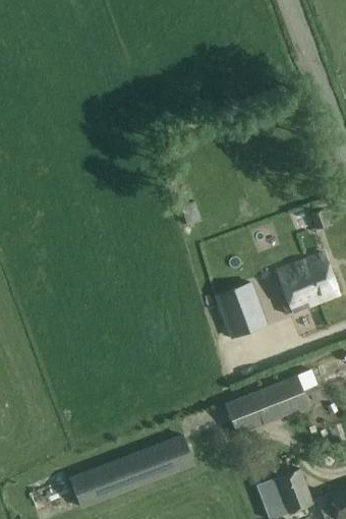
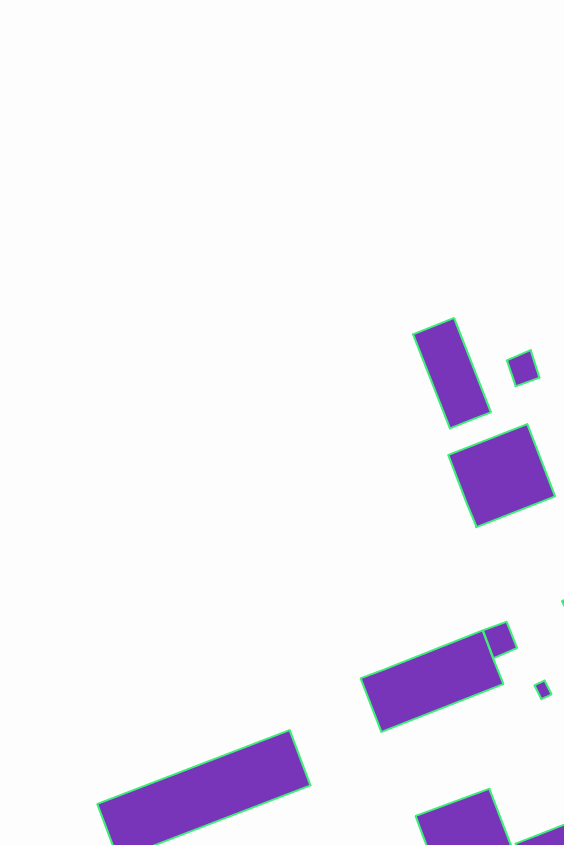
building: none -> [413,318,491,429]
building: [216,283,256,339] -> none

